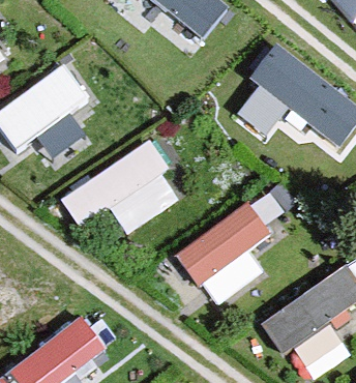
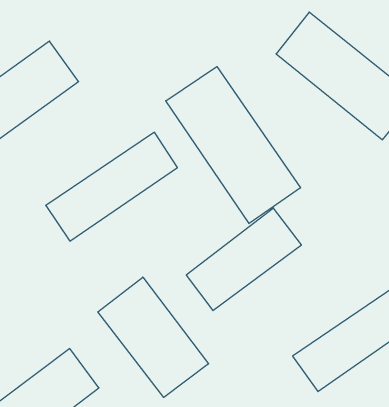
building: none -> [166,67,301,224]
building: none -> [98,277,209,397]

